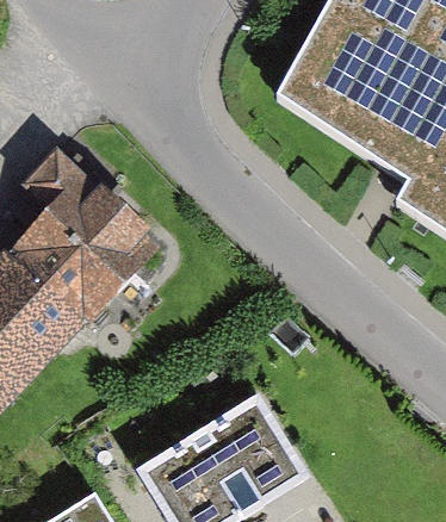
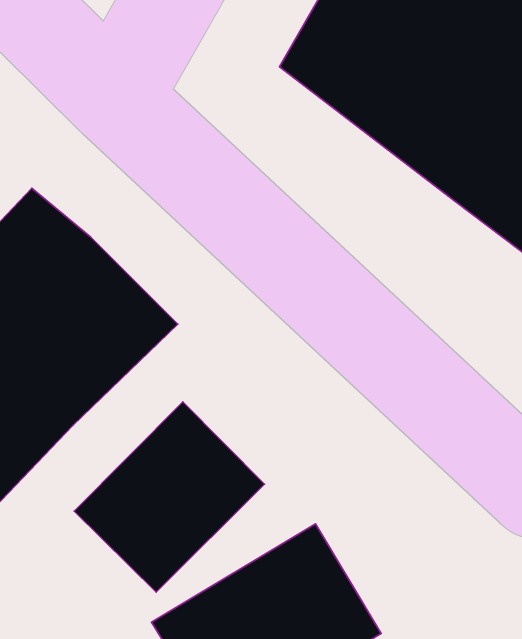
building: none -> [74,402,265,592]

